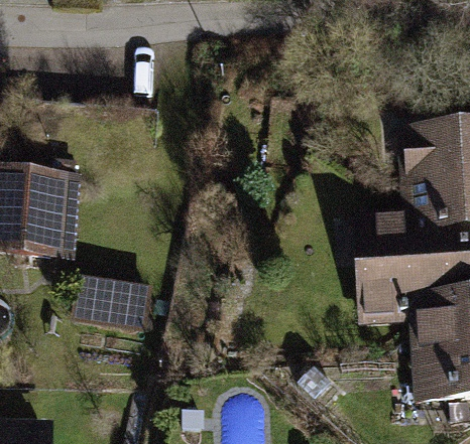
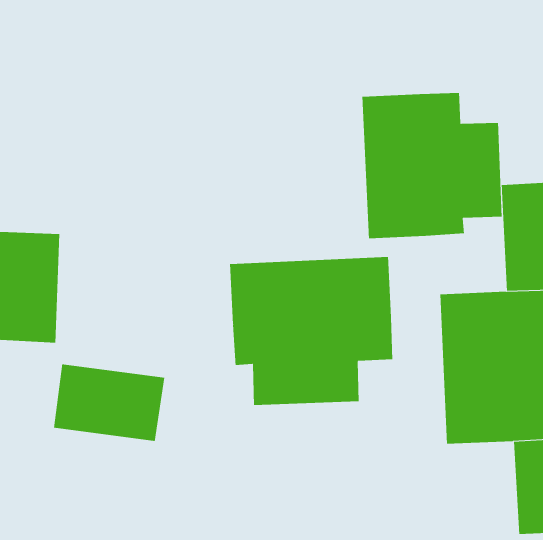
building: none -> [362,92,502,239]
building: none -> [229,256,393,406]

